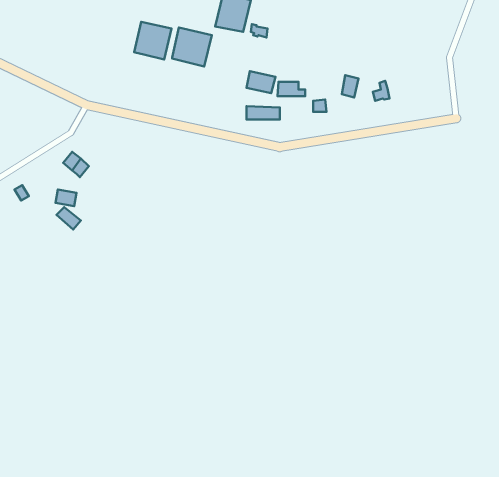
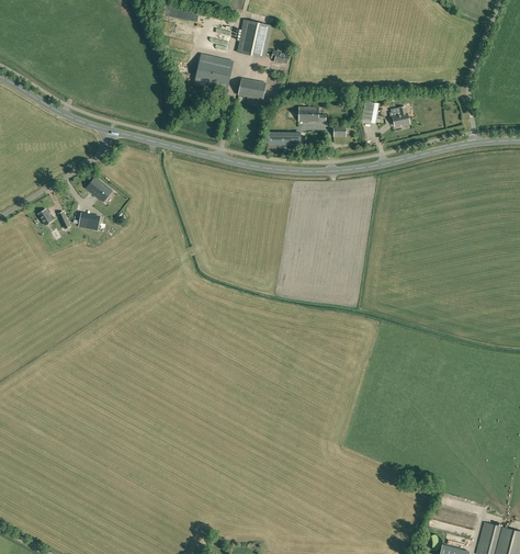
building: [134,22,171,60] -> none
building: [247,71,275,93] -> [238,78,267,100]

